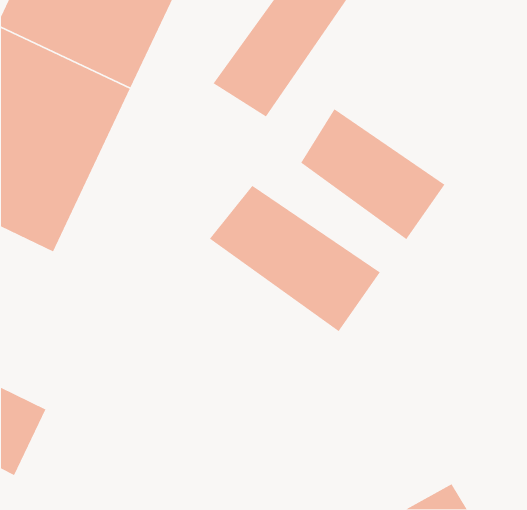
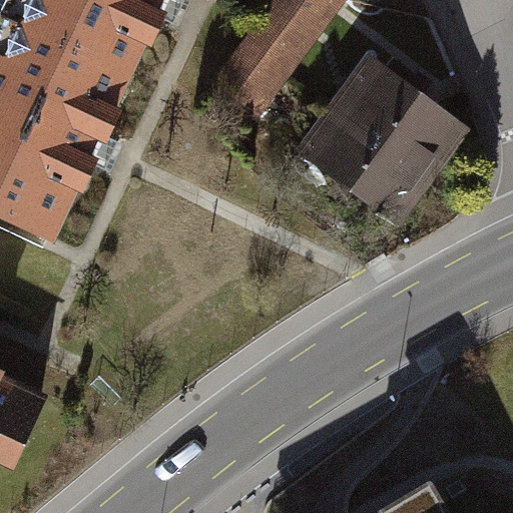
building: none -> [325,54,470,179]
building: [209,185,381,332] -> none

